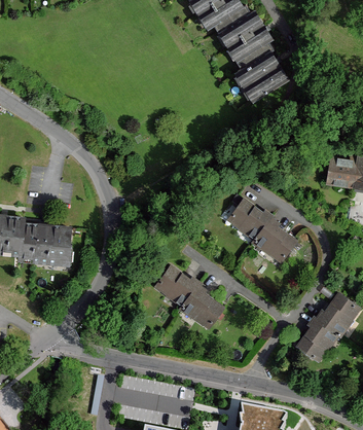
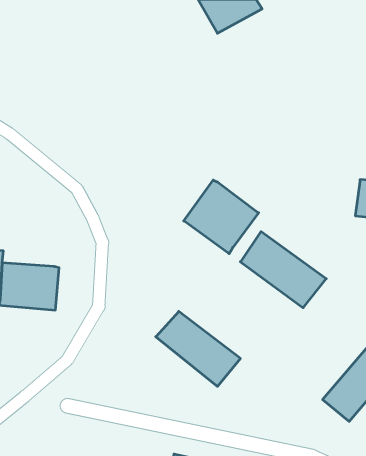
building: [217,11,275,66] -> none
building: [234,52,289,101] -> none
building: none -> [184,180,259,254]

